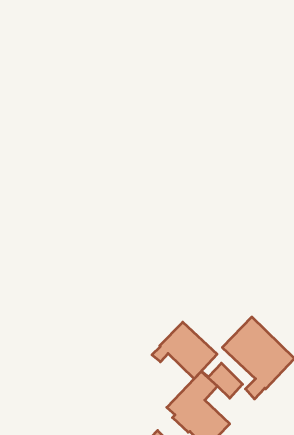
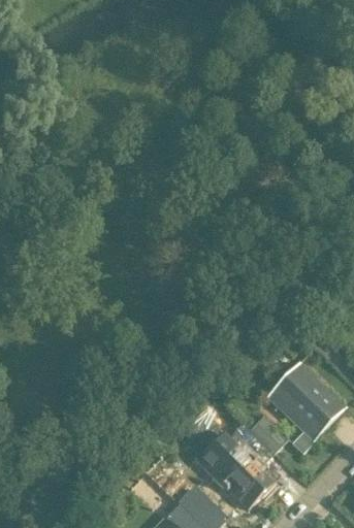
building: [152,322,217,379] -> none

